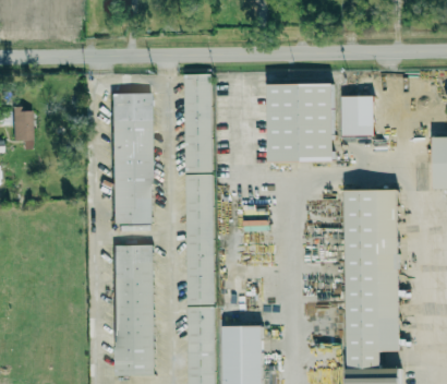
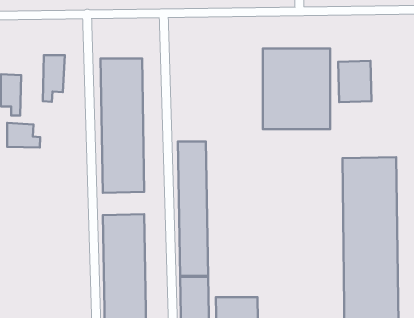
building: [184,74,214,173] -> none
building: none -> [43,55,65,102]
building: none -> [7,123,40,148]

